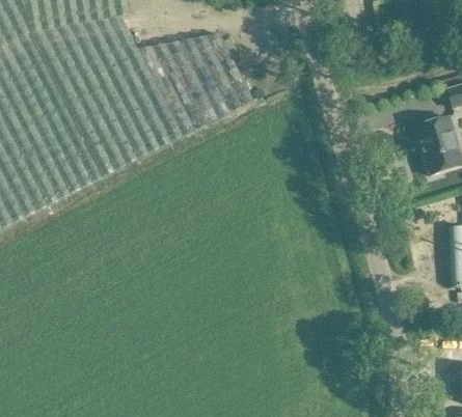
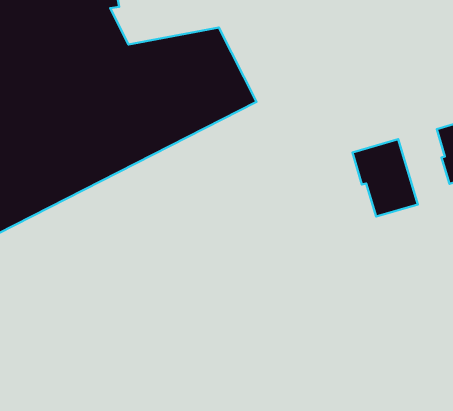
building: none -> [353,139,418,217]

